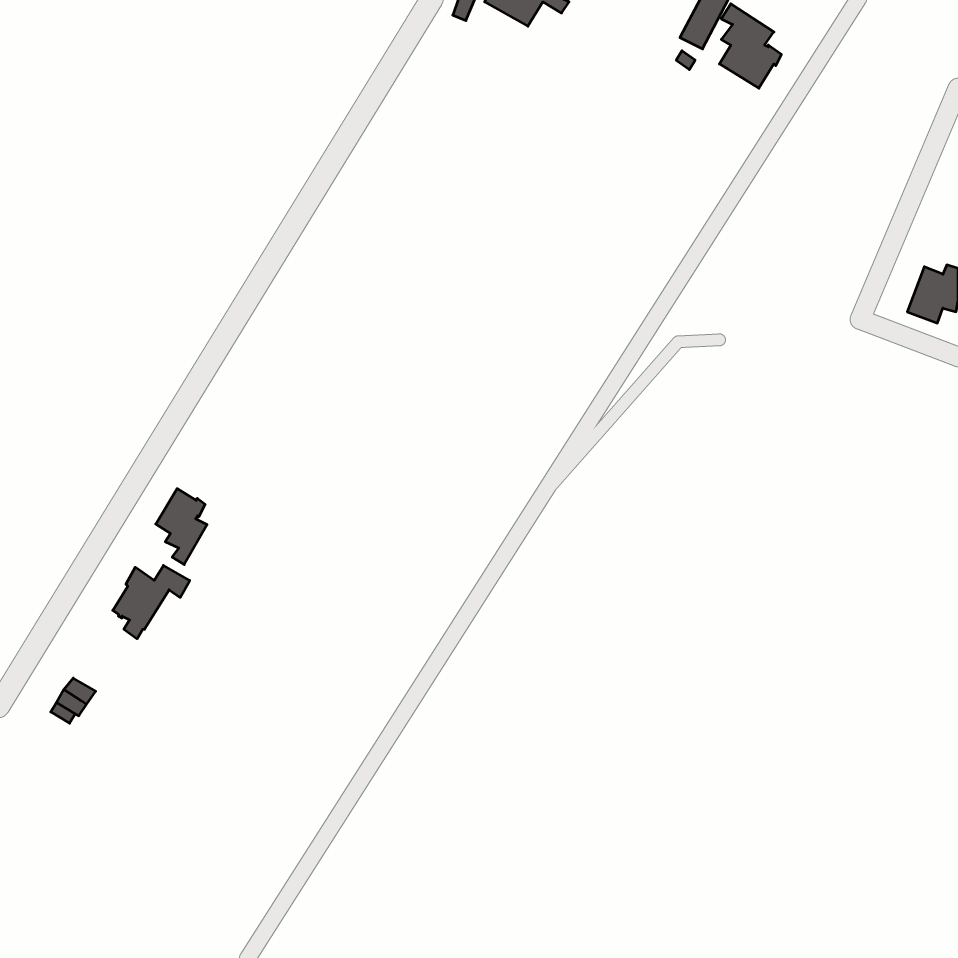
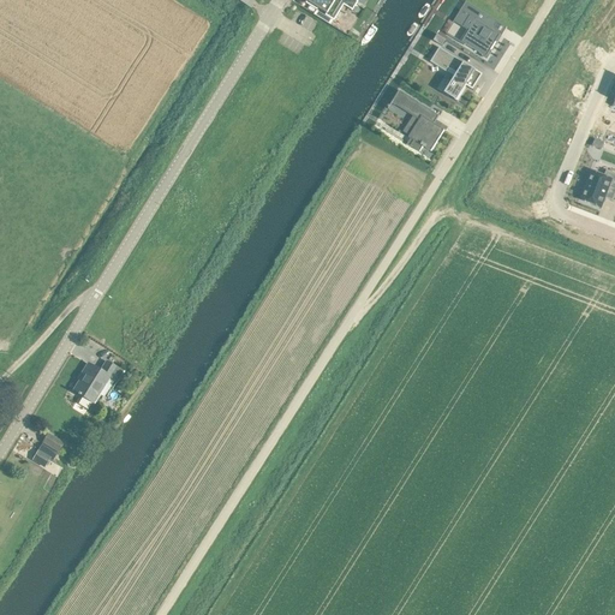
building: none -> [429,47,482,101]
building: none -> [390,90,443,151]
building: [156,489,207,565] -> none

